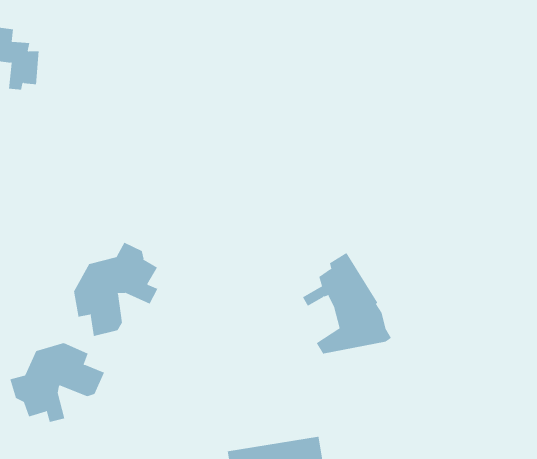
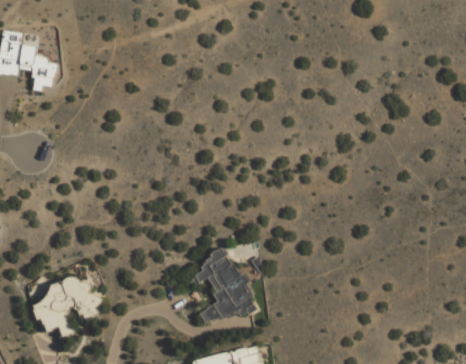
building: [73,242,158,337] -> none
building: [302,252,392,354] -> [189,246,255,321]

